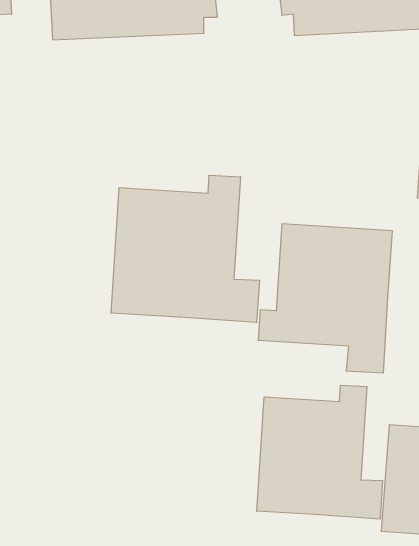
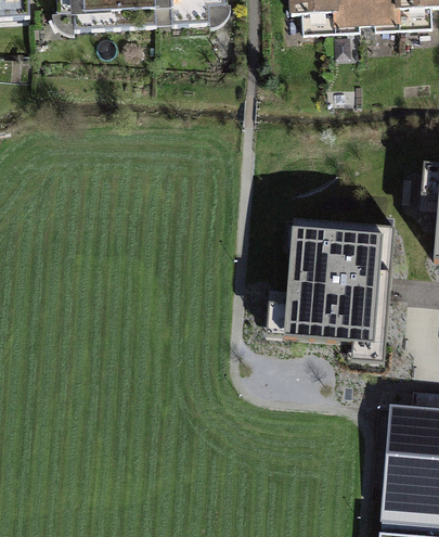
building: [111,175,259,323] -> none
building: [257,385,383,519] -> none

